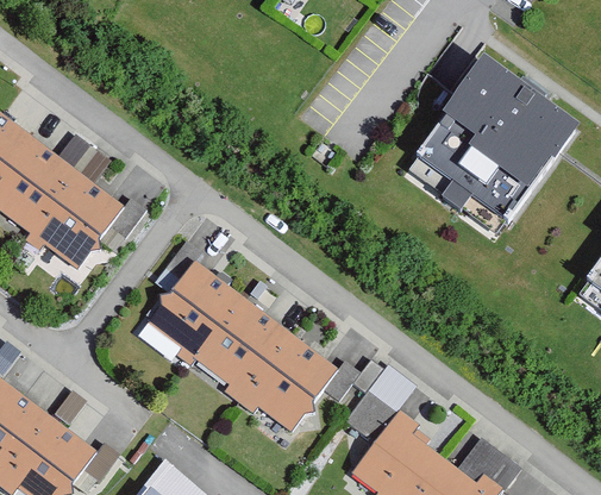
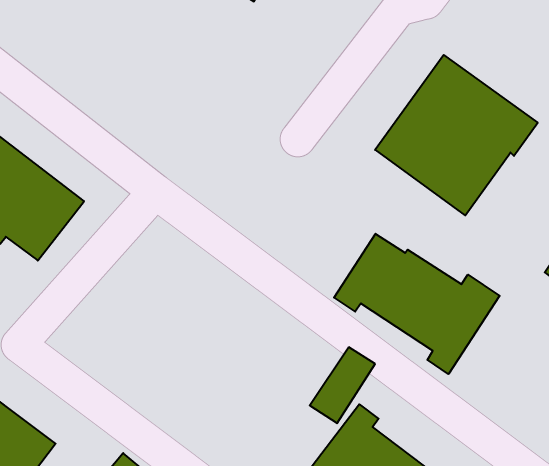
building: none -> [334,234,500,374]
building: [148,263,337,431] -> none

